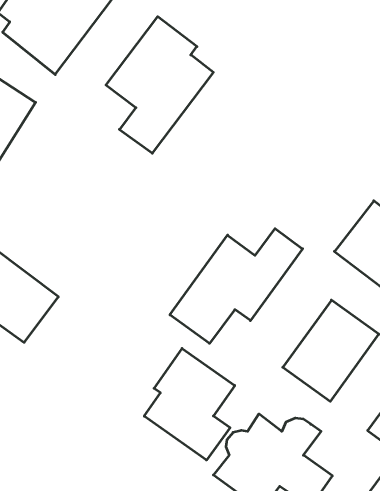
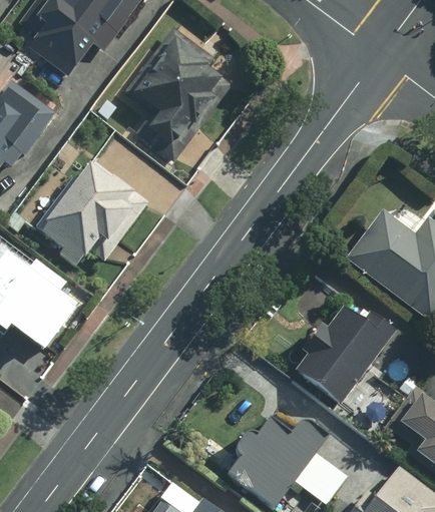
building: none -> [32,158,144,273]
building: [170,229,303,343] -> none
building: [144,348,235,460] -> none

